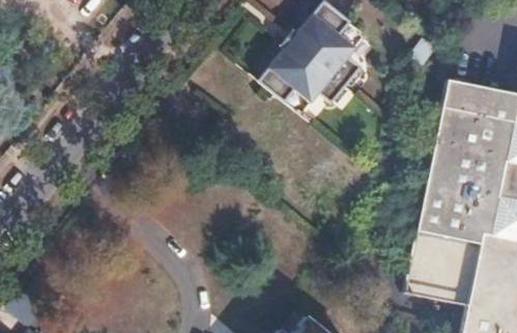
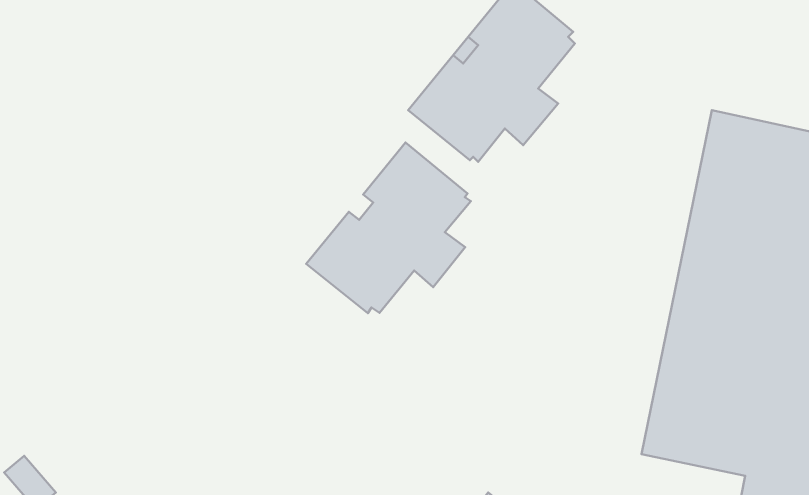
building: none -> [306,142,471,313]

